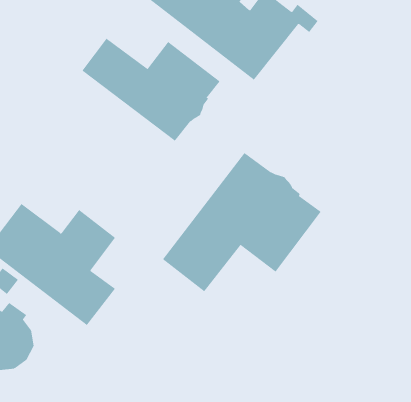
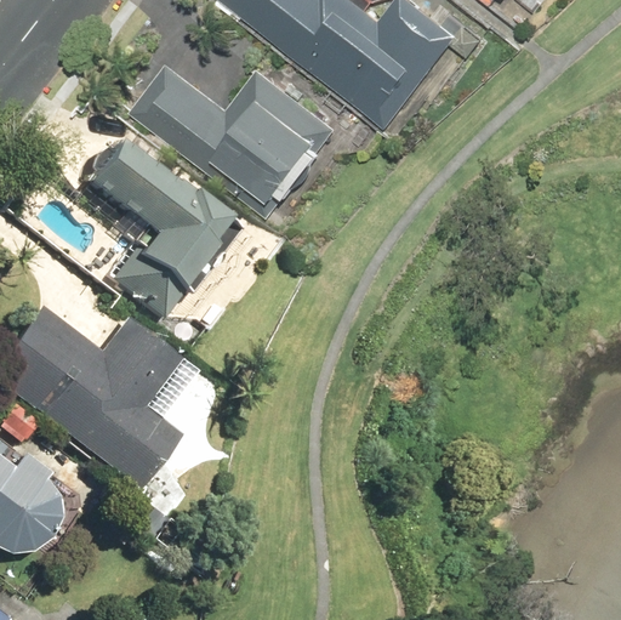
building: none -> [89,137,239,318]
building: [162,152,322,292] -> none

